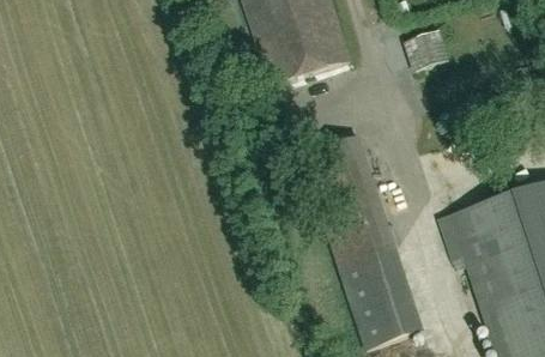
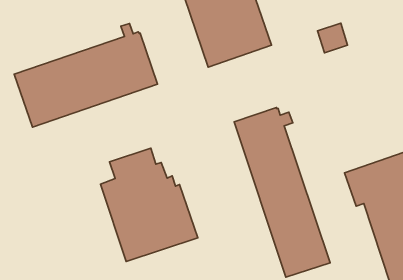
building: none -> [14,23,157,127]
building: none -> [100,148,198,262]

